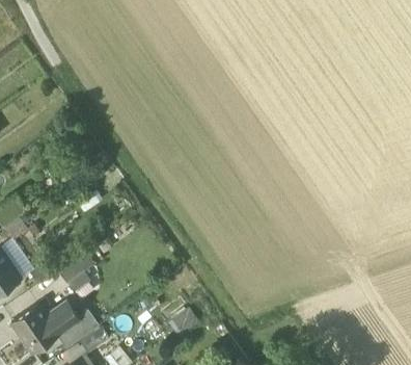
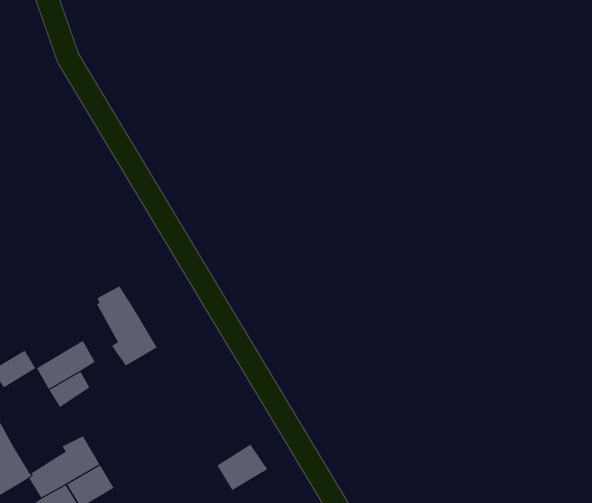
building: none -> [96,285,157,366]
building: [46,303,78,335] -> none

